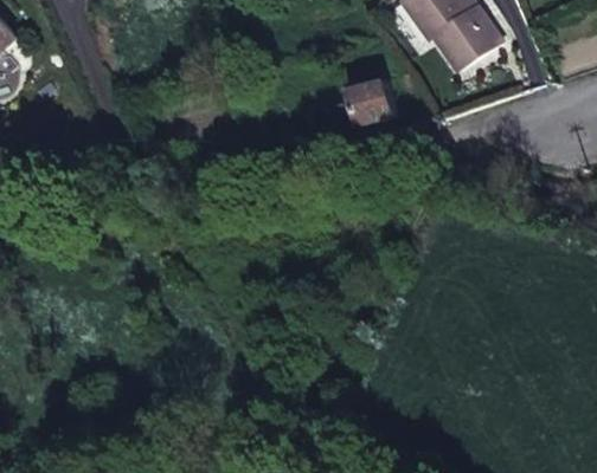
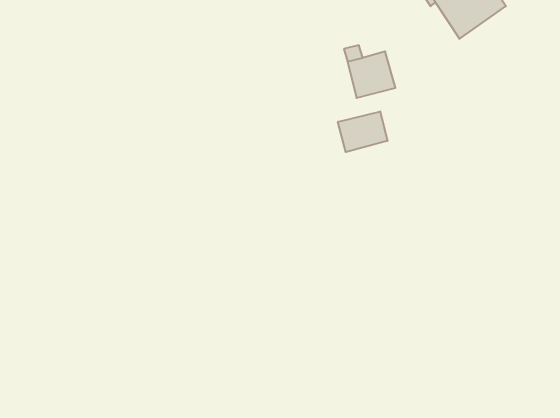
building: none -> [338,111,388,152]

